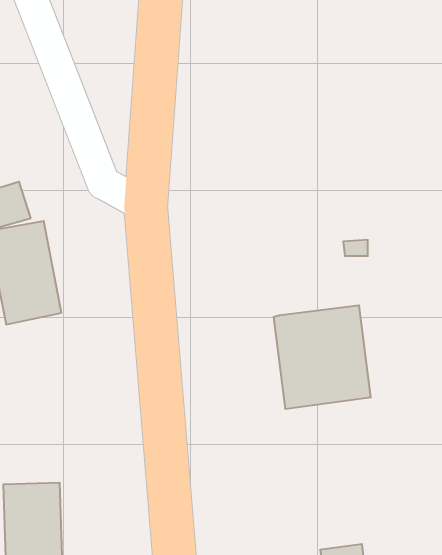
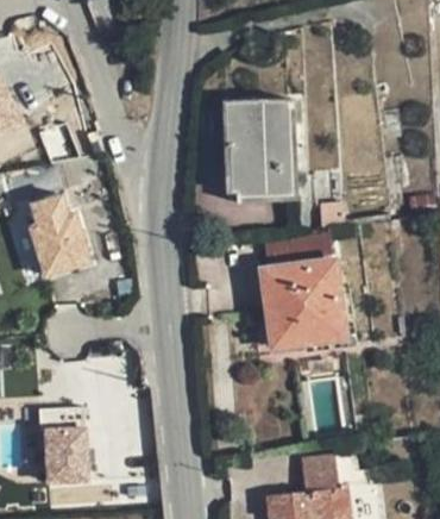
building: none -> [220,102,289,195]
building: none -> [263,233,333,270]

